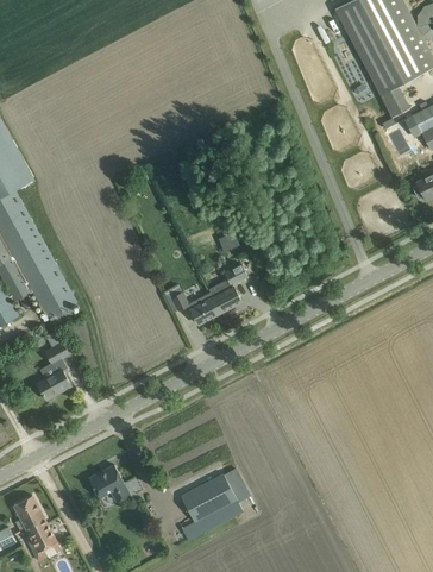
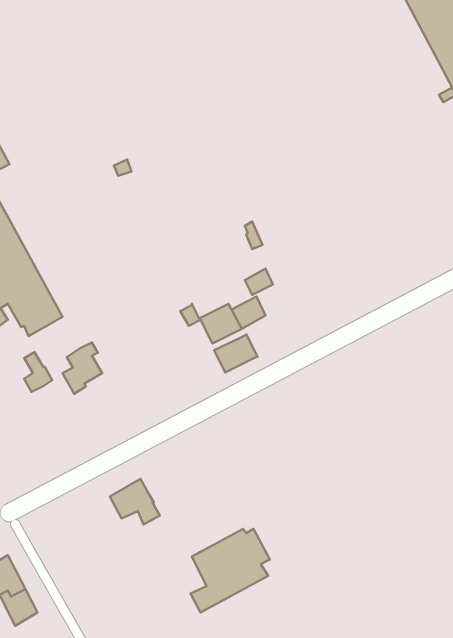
building: none -> [214,335,257,372]
building: [37,359,69,401] -> [62,342,102,394]
building: [88,465,128,502] -> [110,479,160,524]

